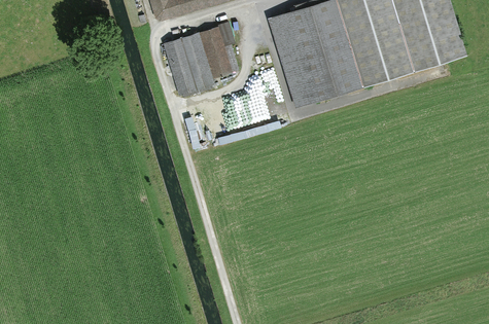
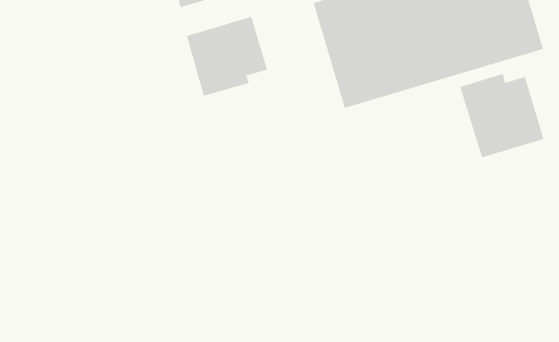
building: none -> [459,73,544,158]

